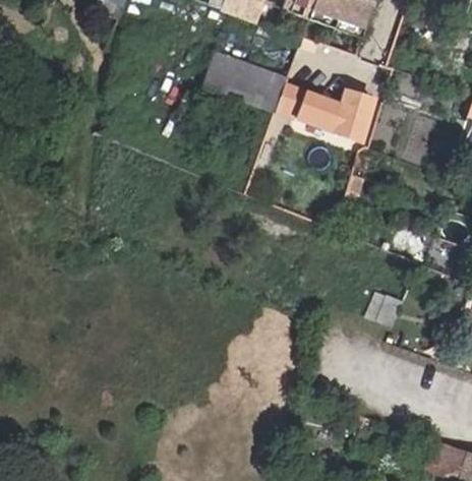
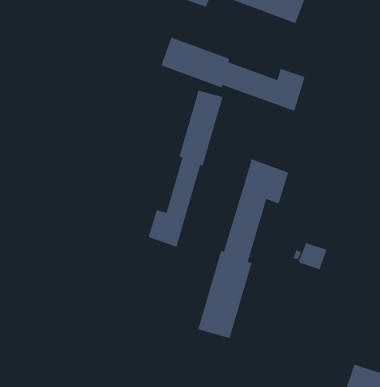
building: none -> [148,90,223,247]
building: none -> [197,159,289,339]

